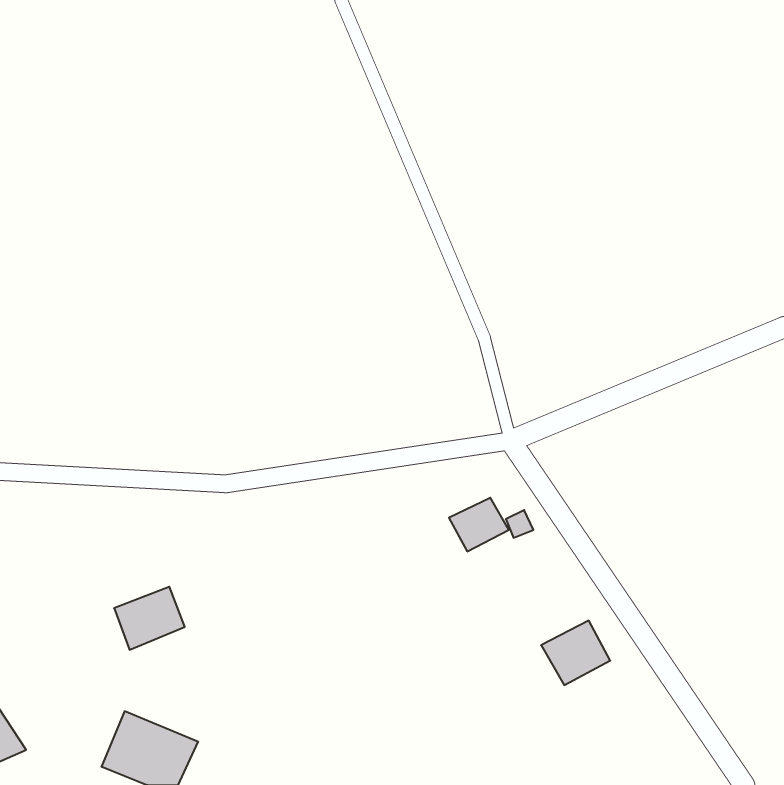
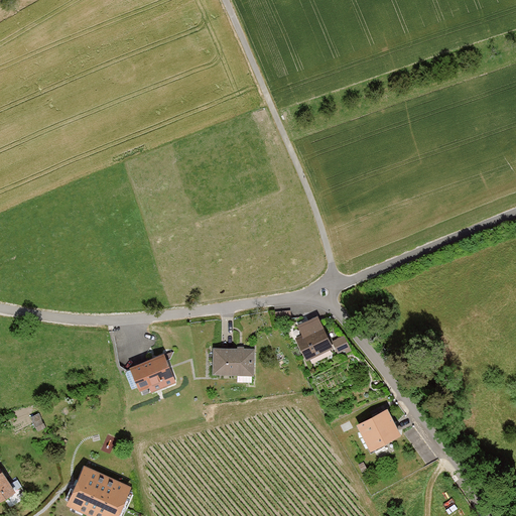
building: none -> [210,347,253,377]
building: [114,587,185,650] -> [129,354,175,395]

